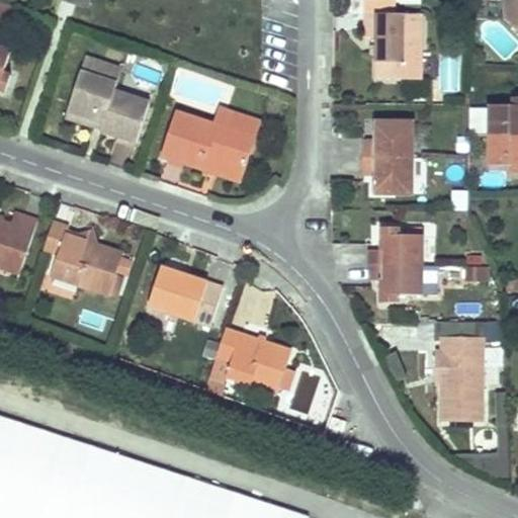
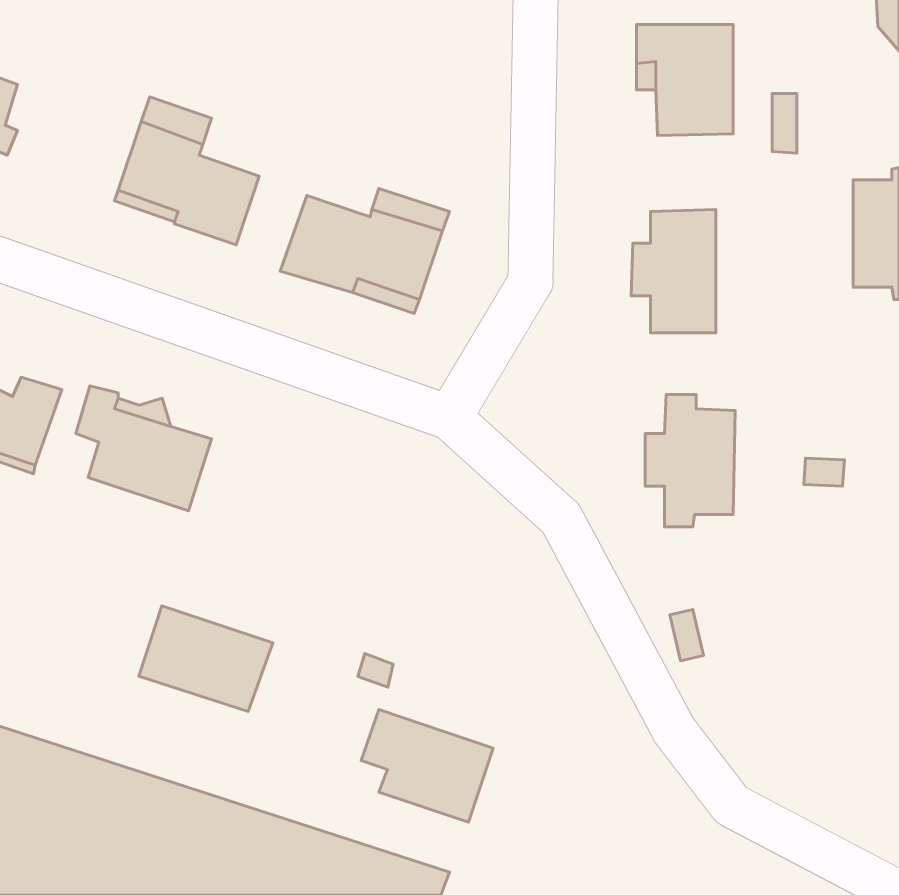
building: [147,265,224,326] -> [139,606,273,712]
building: [215,327,291,392] -> [361,709,493,822]
building: [435,337,483,419] -> none

